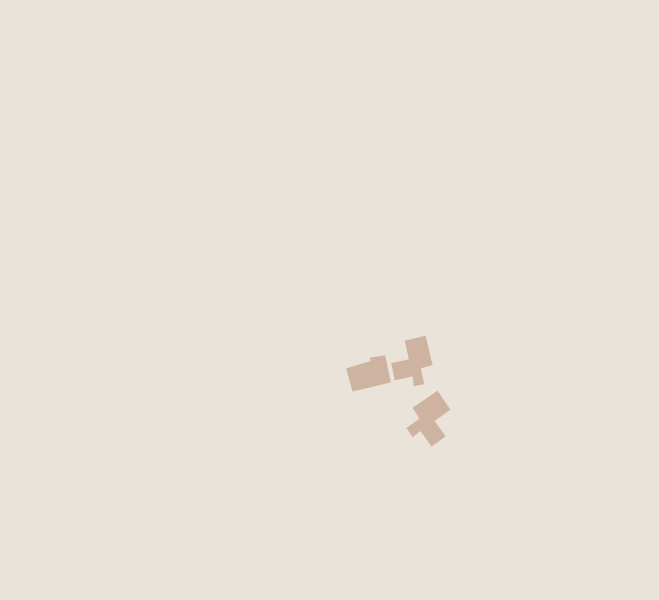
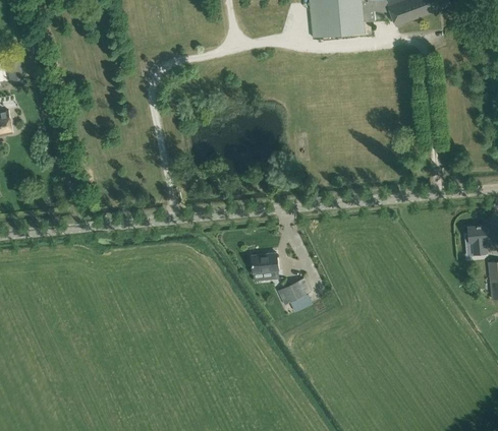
building: [390,335,434,387] -> none

